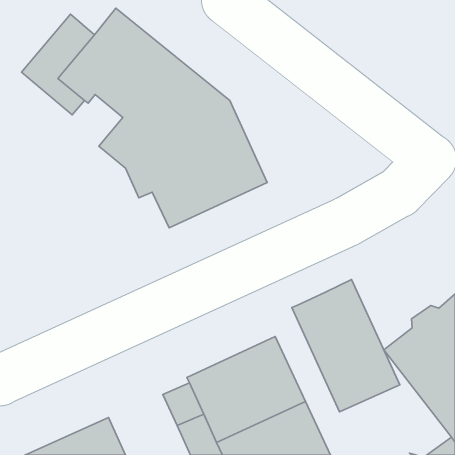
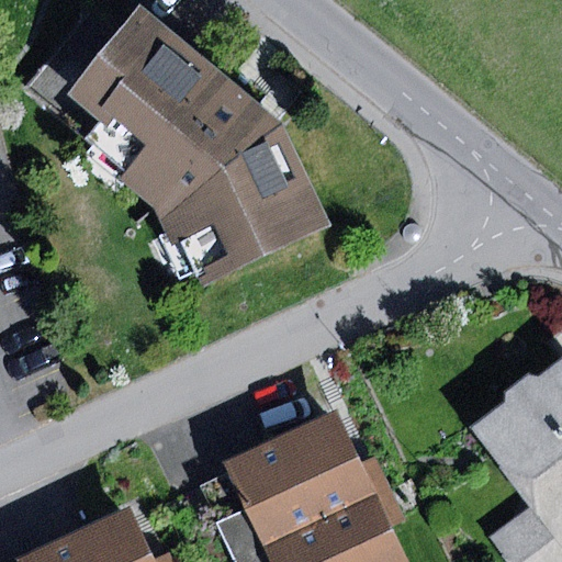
building: [292,280,400,412] -> none

